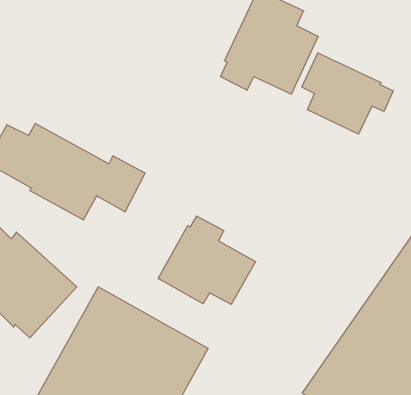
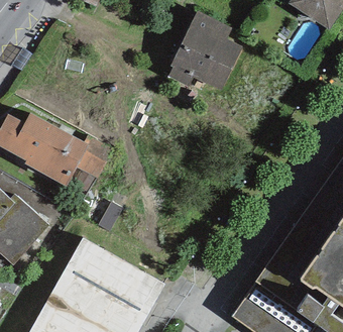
building: [302,53,393,134] -> none
building: [158,216,256,304] -> none

